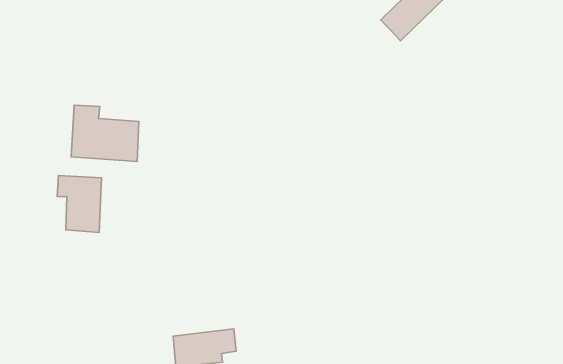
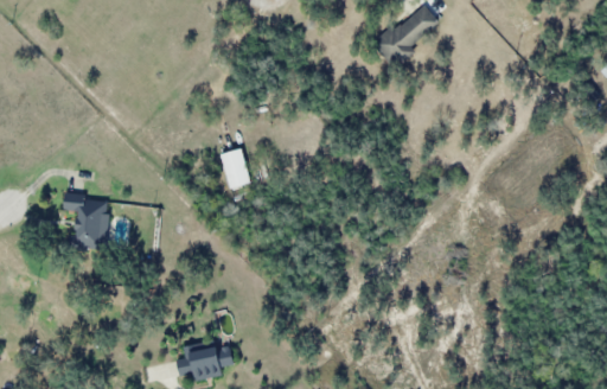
building: [71,105,139,161] -> none
building: none -> [221,147,251,187]

